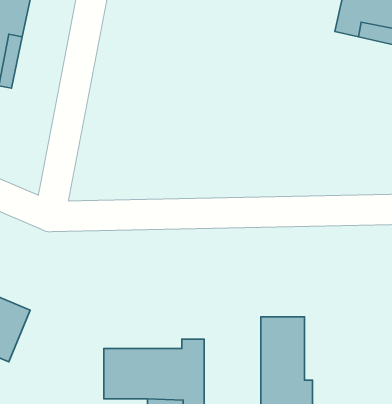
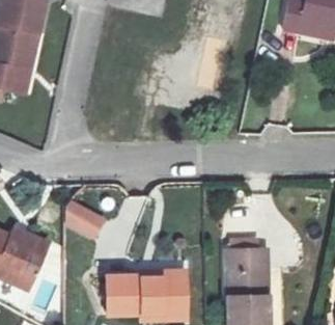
building: none -> [59,201,106,242]

